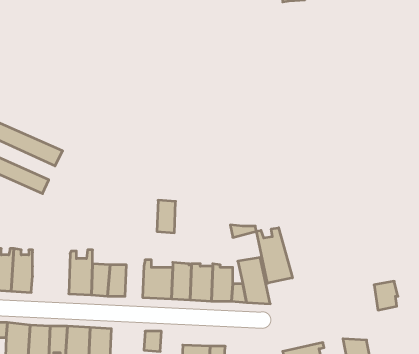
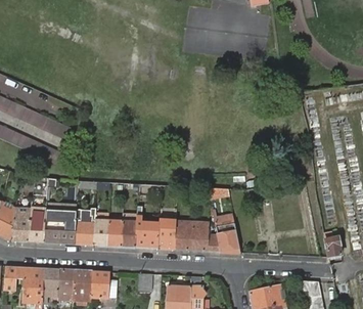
building: [157,200,176,233] -> [121,220,136,247]
building: [257,228,292,283] -> none
building: none -> [44,210,76,244]

